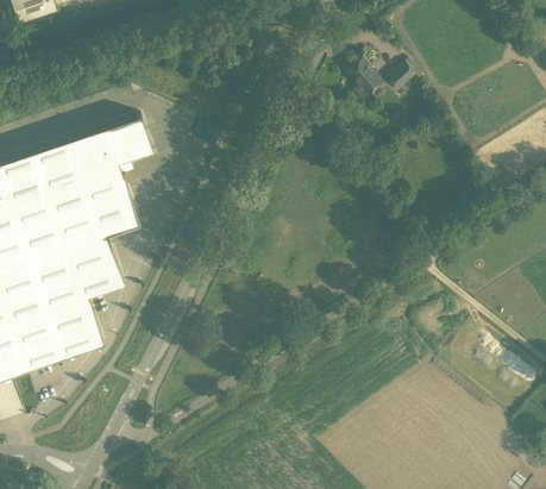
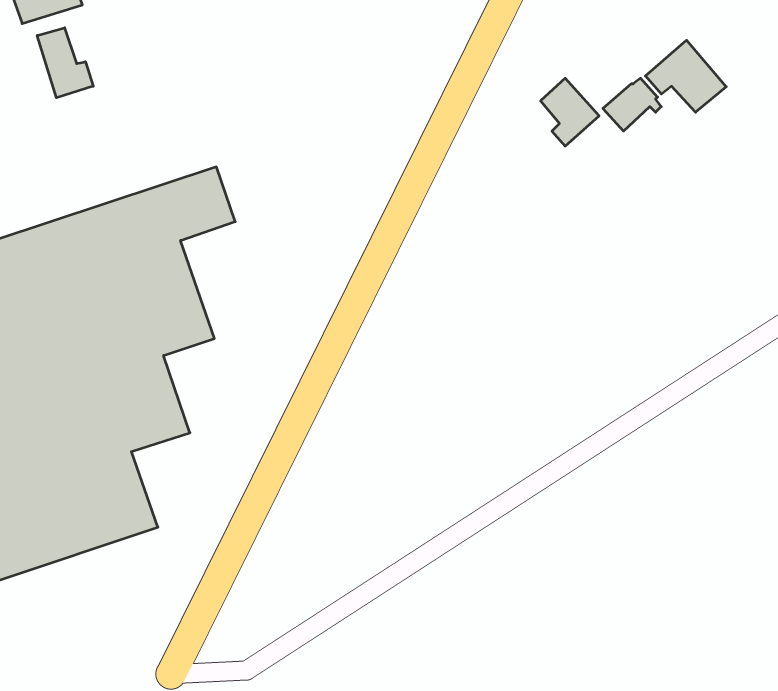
building: none -> [37,28,93,98]
building: none -> [645,40,726,112]

